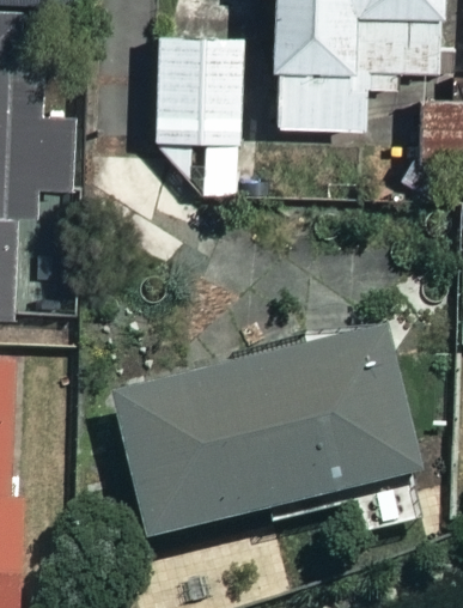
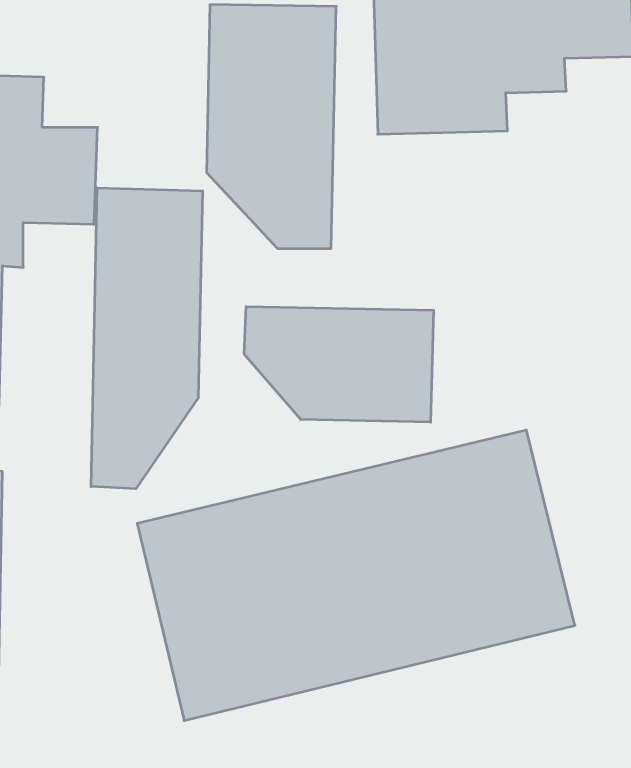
building: none -> [91,188,203,489]
building: none -> [244,307,434,422]

